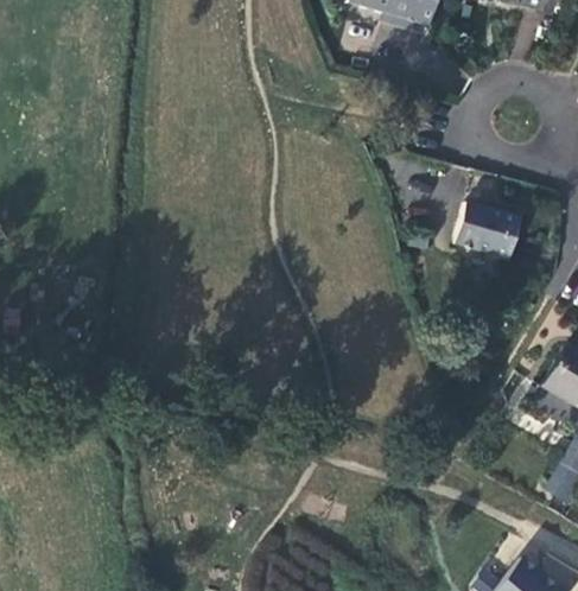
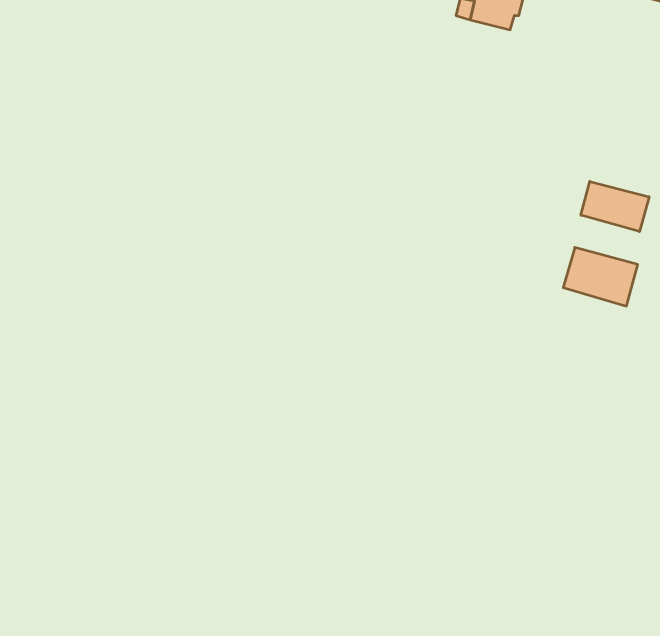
building: none -> [581,181,649,232]

